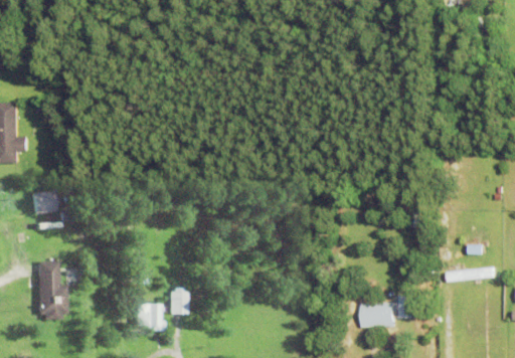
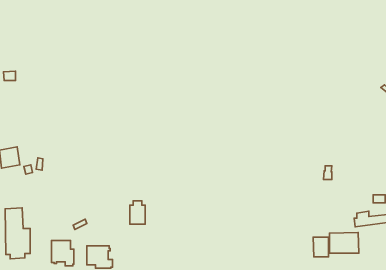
building: [169,287,187,314] -> [130,201,145,224]
building: none -> [51,241,74,266]
building: [361,303,395,327] -> [330,232,359,253]

